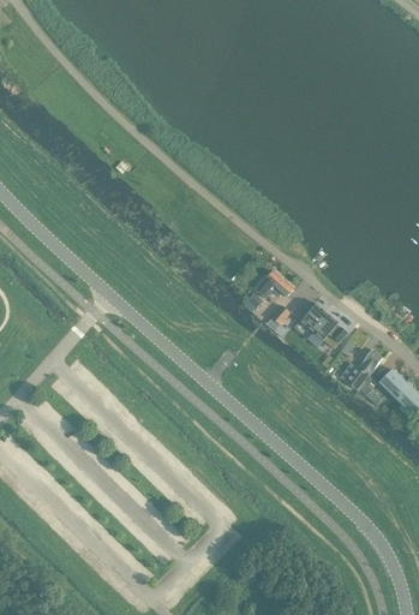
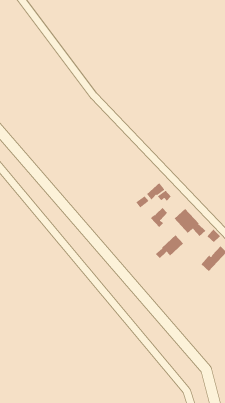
building: none -> [155,235,184,259]

